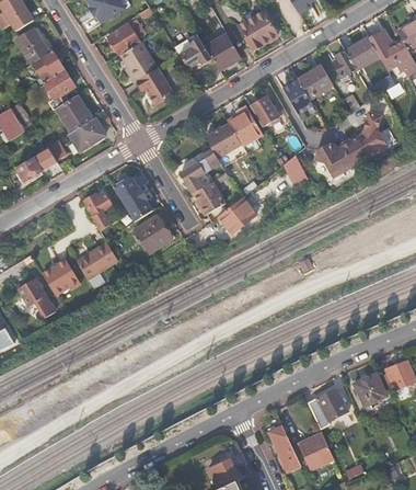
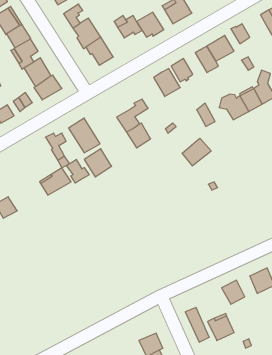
building: [344,36,378,69] -> none
building: [204,123,240,158] -> none
building: [218,196,256,232] -> [182,139,211,166]
building: none -> [66,159,89,183]
building: [41,260,79,296] -> none

